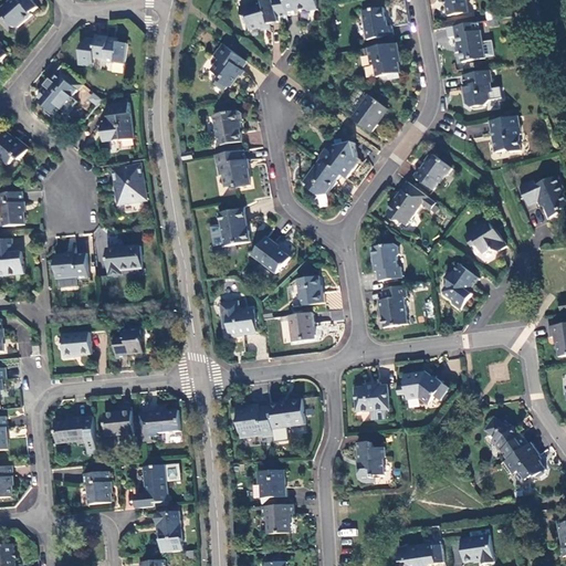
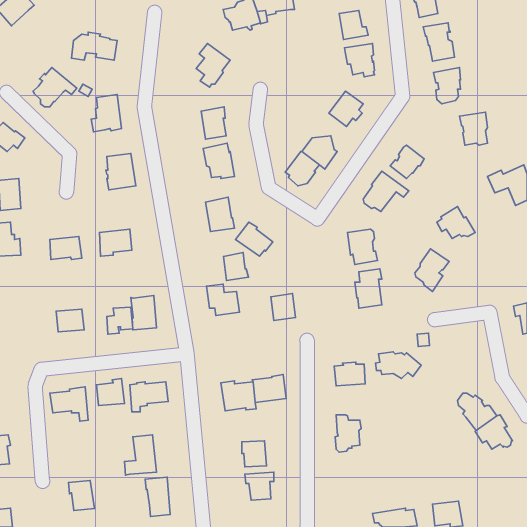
building: [297,276,324,306] -> [223,252,248,280]
building: none -> [131,295,157,330]
building: [82,470,109,502] -> [69,480,94,511]

